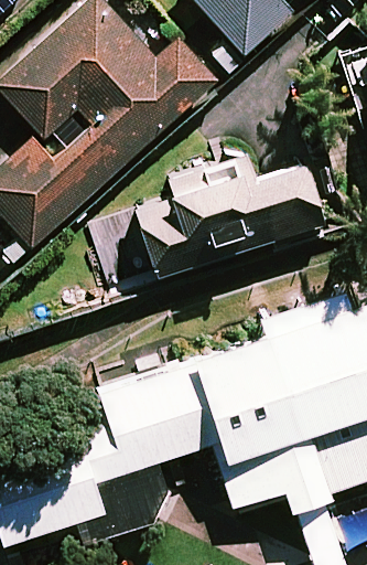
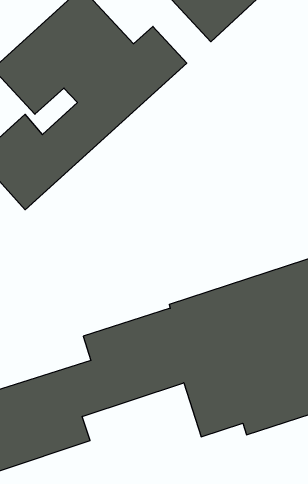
building: [133,154,321,278] -> none

